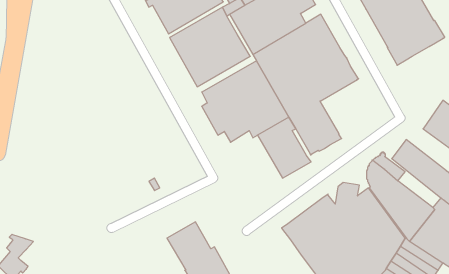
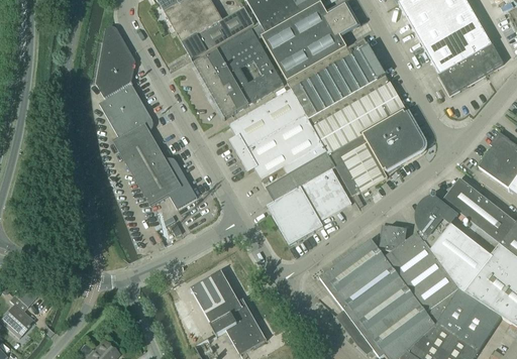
building: none -> [96,25,197,208]
building: none -> [363,110,425,170]
building: none -> [266,172,322,244]

